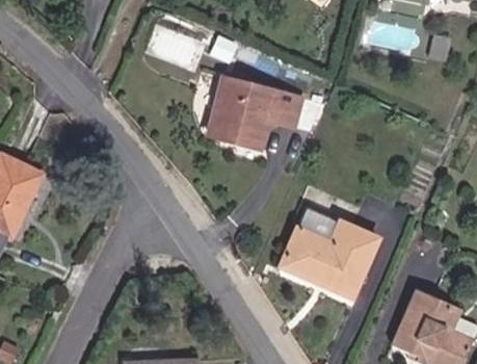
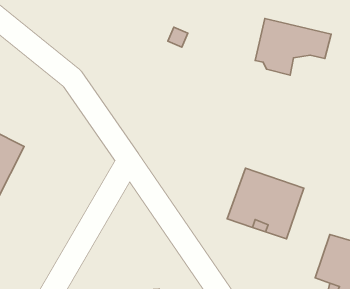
building: [210,82,300,150] -> [255,19,331,75]

